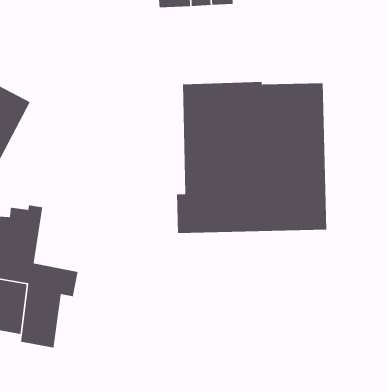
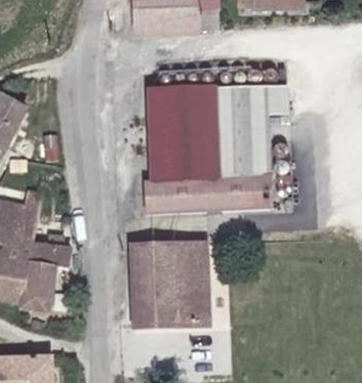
building: none -> [130,241,205,323]

